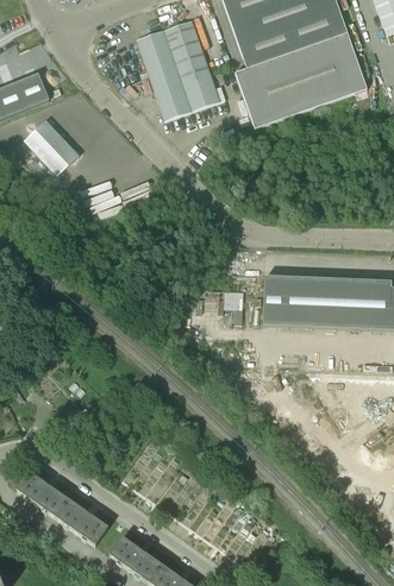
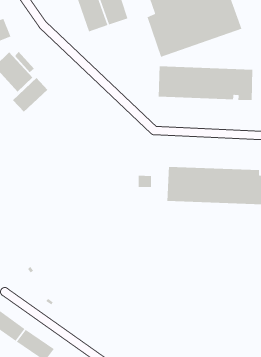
building: [156,74,220,120] -> none
building: none -> [158,66,253,101]
building: none -> [12,77,48,113]

